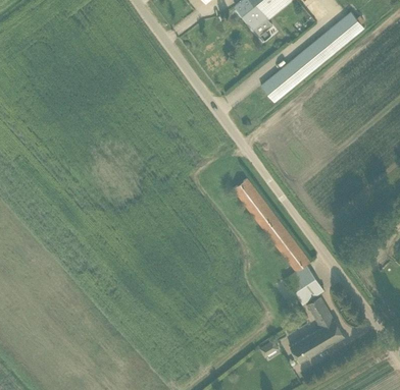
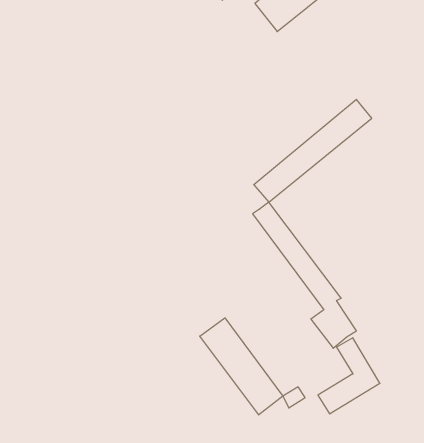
building: [261,11,364,101] -> [254,99,372,202]
building: none -> [200,318,283,415]

